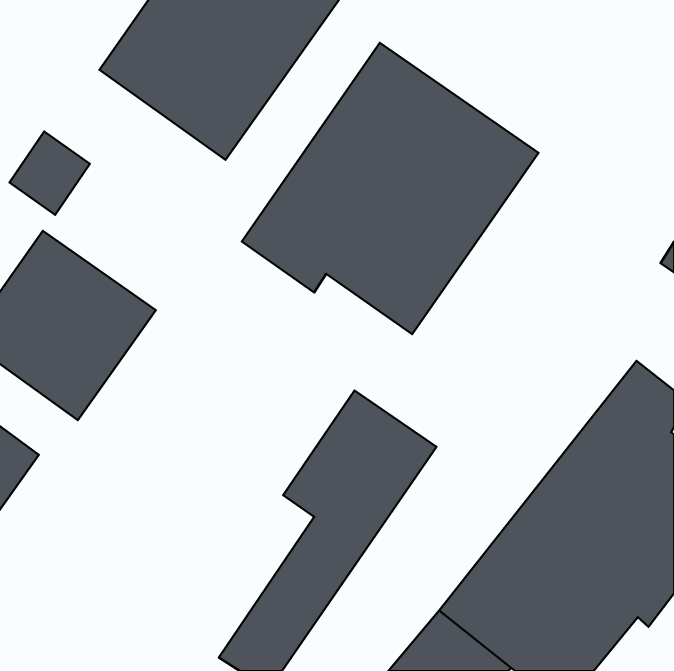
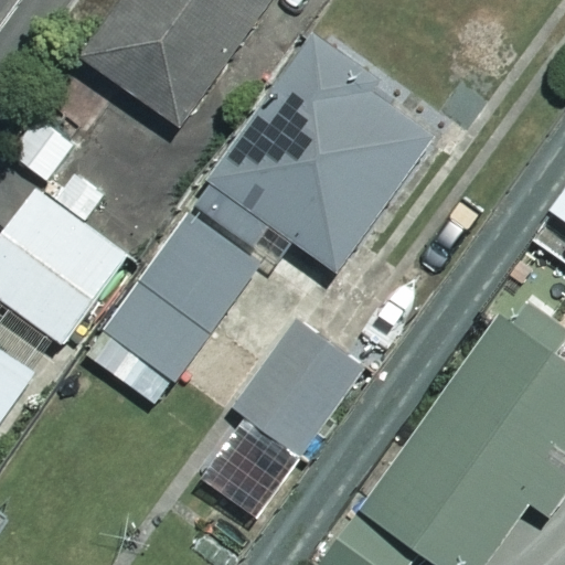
building: none -> [86,212,256,402]

